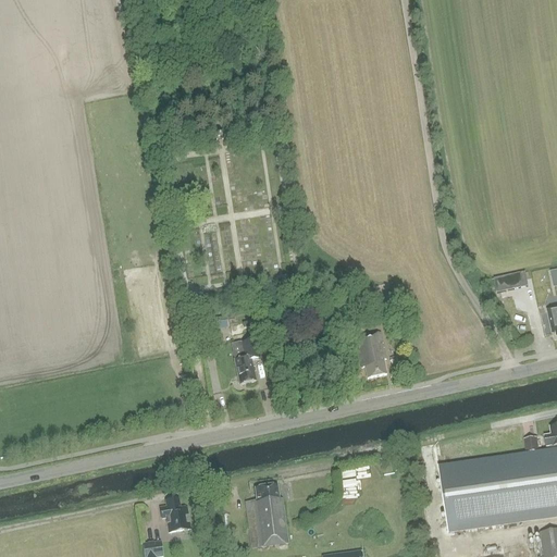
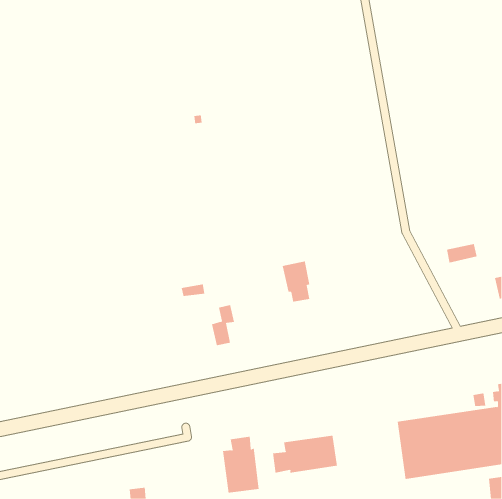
building: [355,331,386,376] -> [282,261,310,302]
building: none -> [272,435,338,474]
building: [161,497,190,530] -> none

